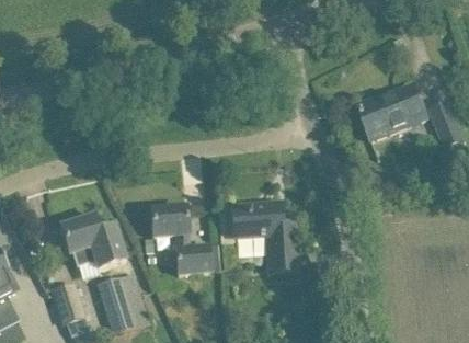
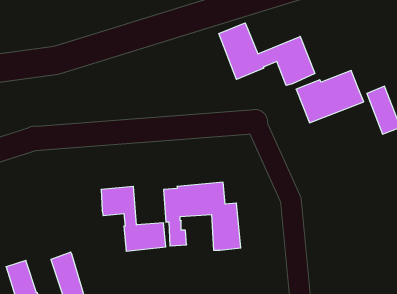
building: none -> [219,23,315,85]
building: [61,214,128,270] -> none

